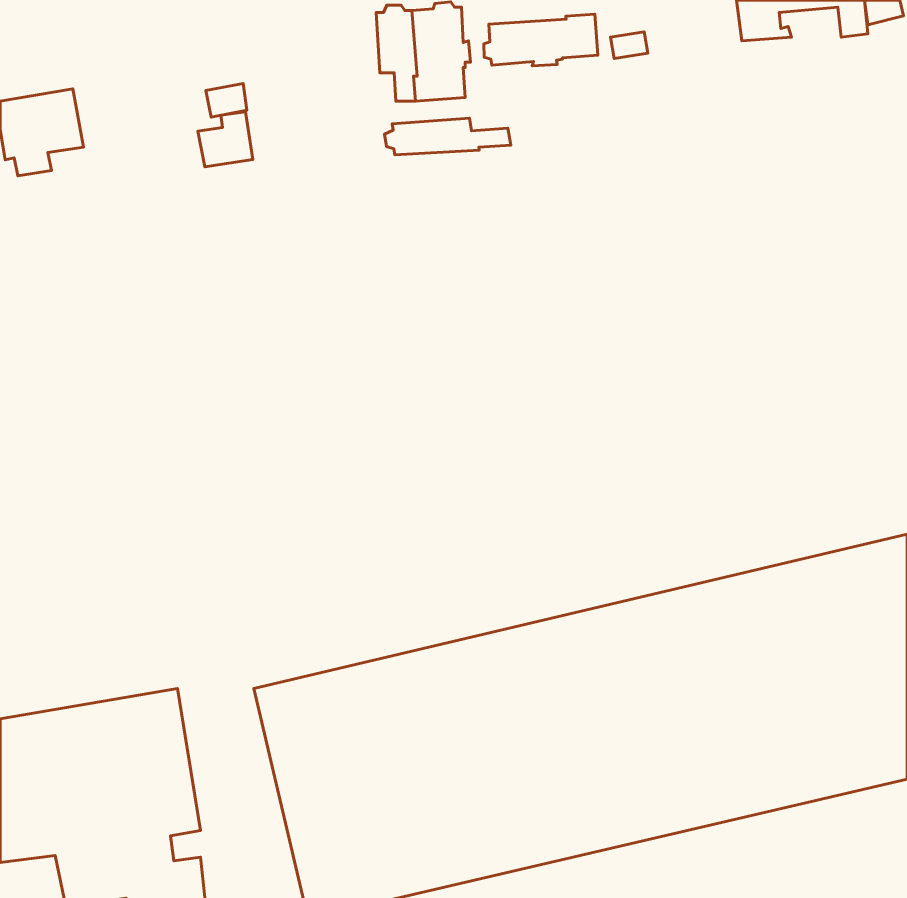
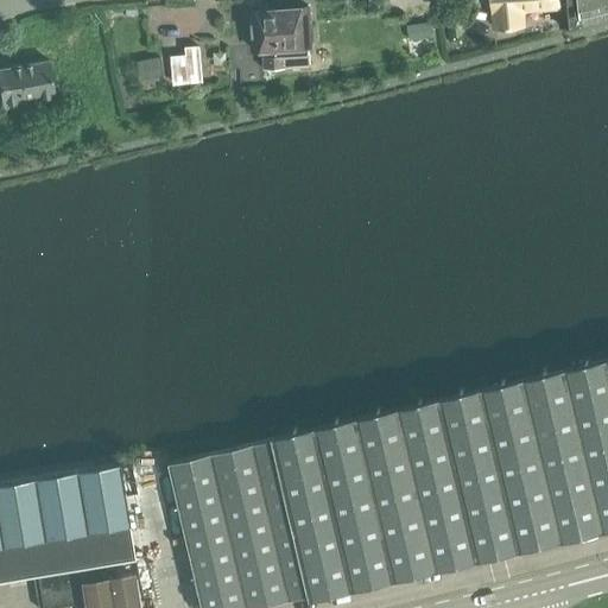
building: [484,14,598,66] -> none
building: [198,112,253,167] -> [170,52,207,89]
building: [385,118,511,155] -> none

